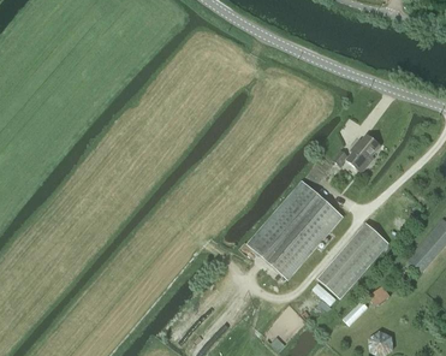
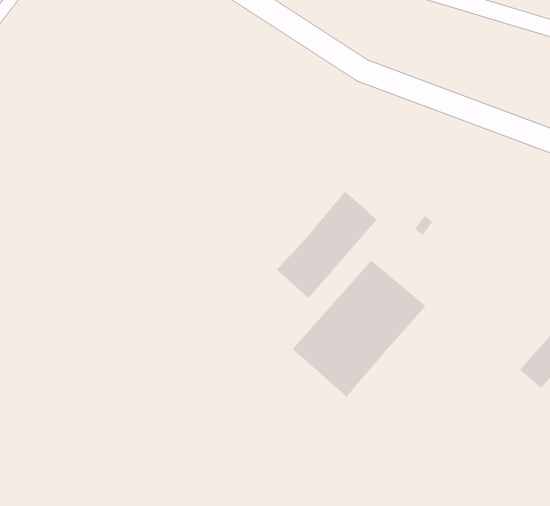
building: [346,133,380,172] -> none
building: [317,222,388,298] -> [276,191,378,299]

